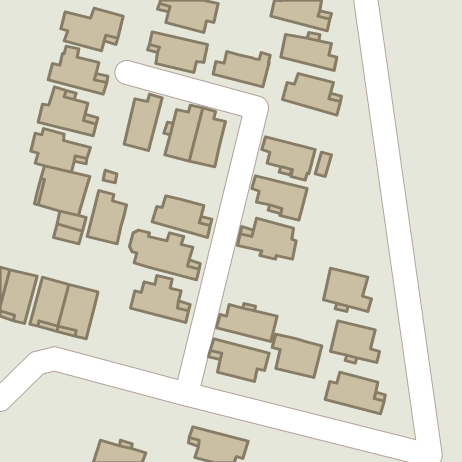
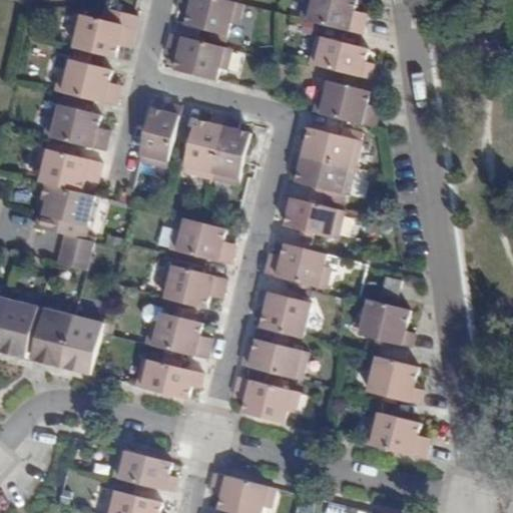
building: [213,52,270,87] -> [295,127,358,166]
building: [87,190,127,244] -> none
building: none -> [135,358,202,399]
building: [272,334,322,377] -> [255,289,311,337]
building: none -> [115,449,177,491]

